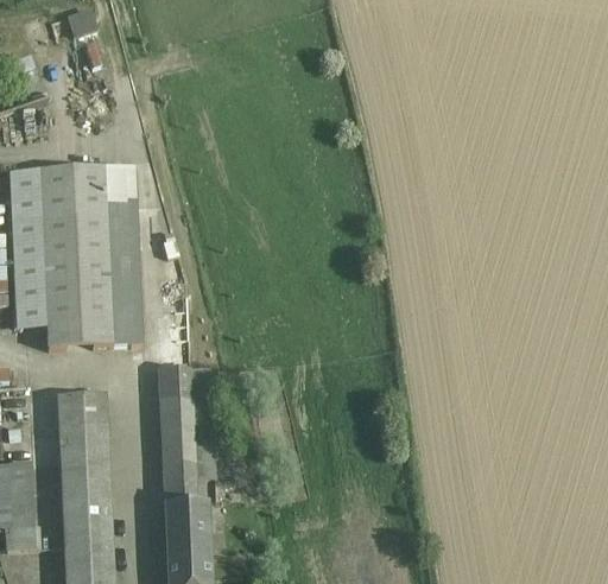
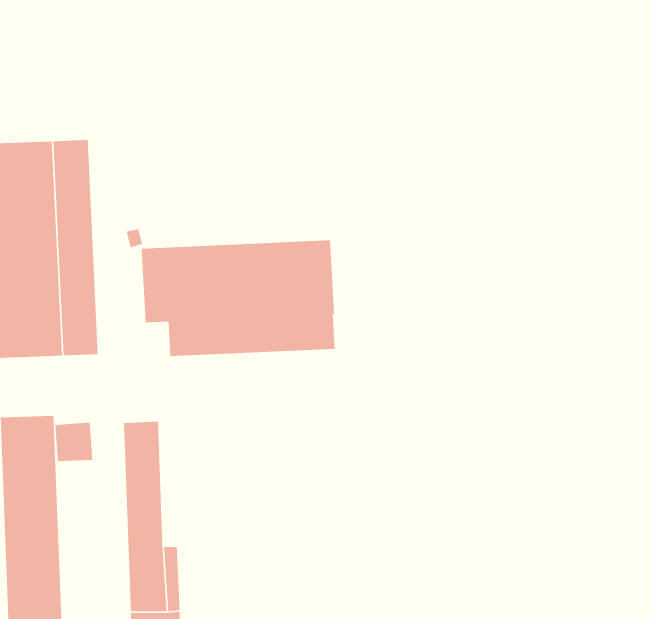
building: none -> [141,240,335,357]
building: [159,366,191,399] -> [54,422,93,462]

